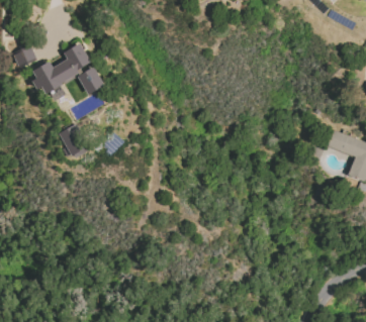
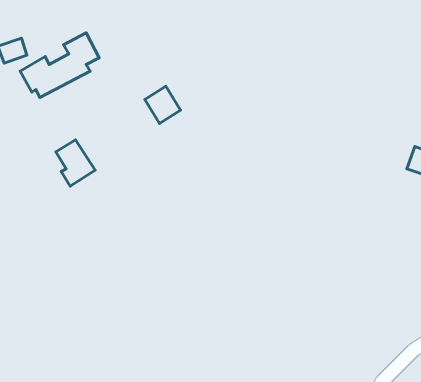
building: [78,66,105,94] -> [145,86,180,123]

